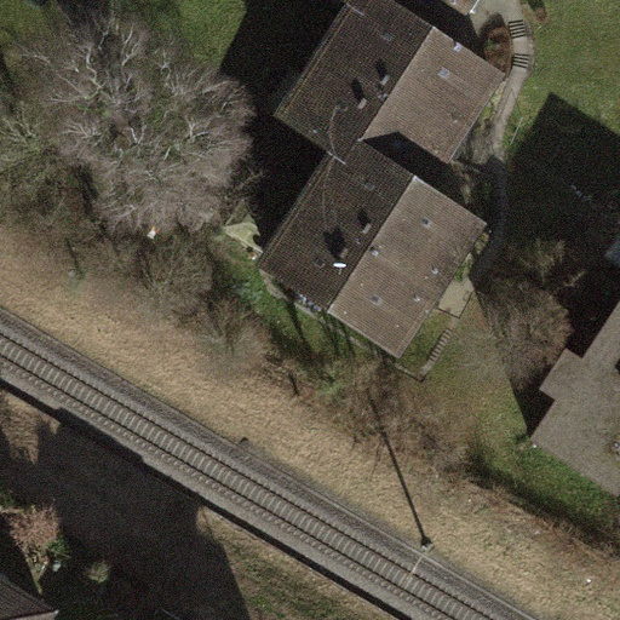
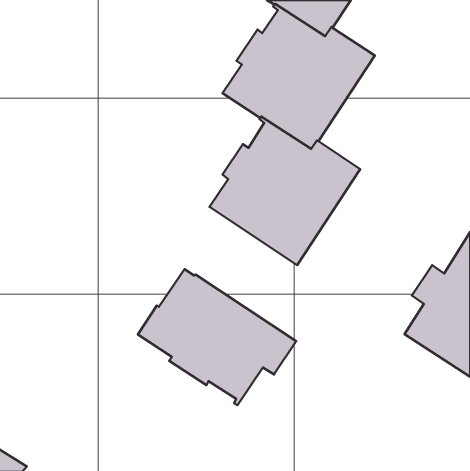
building: none -> [138,269,296,405]

